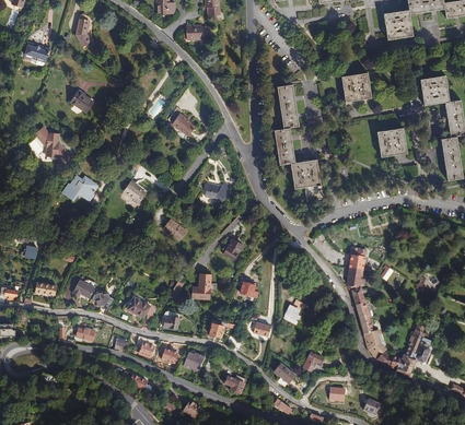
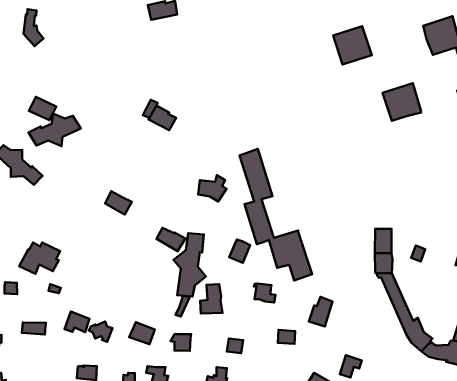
building: [275,83,324,201] -> [240,149,312,281]
building: none -> [28,113,81,146]
building: [61,174,98,201] -> [19,242,60,274]
building: none -> [174,233,206,296]

